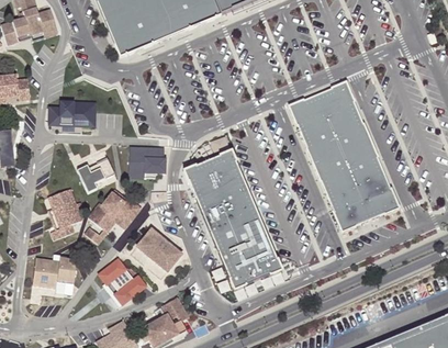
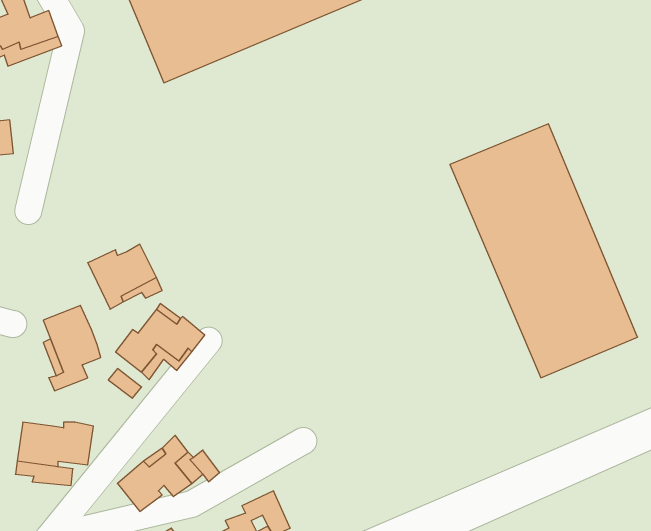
building: [57,101,97,124] -> none
building: [130,147,165,176] -> none
building: [183,149,282,289] -> none
building: [134,228,181,274] -> none

